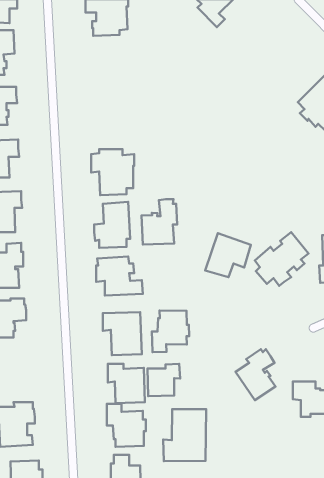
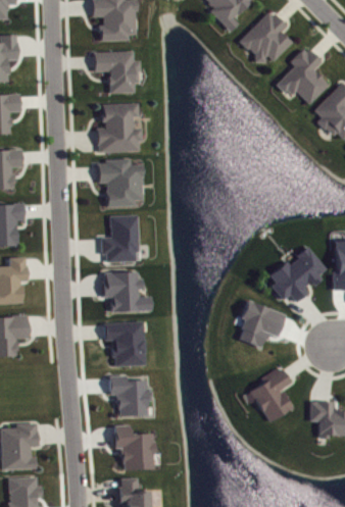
building: none -> [238,11,290,62]
building: none -> [278,48,327,103]
building: none -> [93,50,139,92]
building: none -> [96,102,141,151]
building: [141,199,177,245] -> none
building: [205,233,251,277] -> [241,308,289,354]
building: [152,311,189,352] -> none
building: [147,364,180,396] -> none
building: [163,409,206,461] -> none

